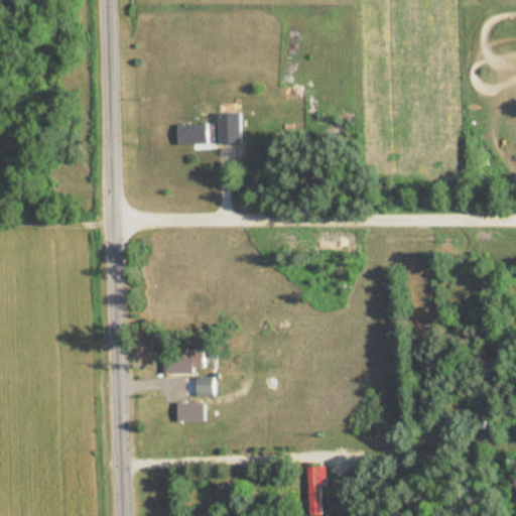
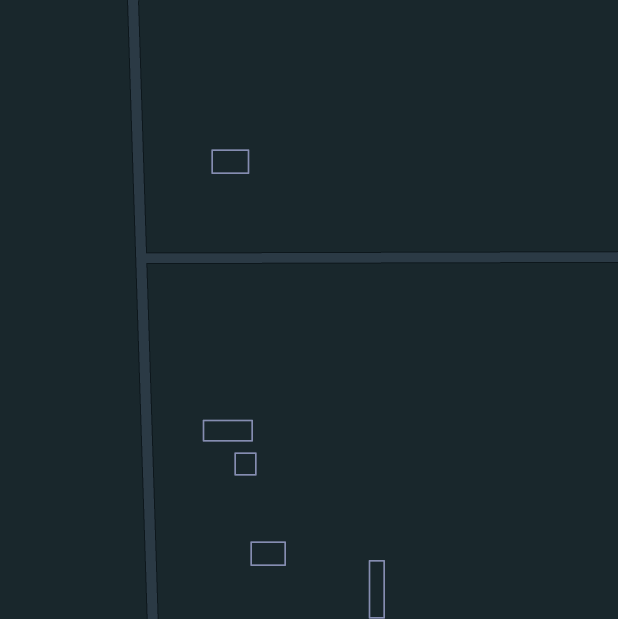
building: [218,114,240,143] -> none
building: [177,402,206,421] -> [251,542,285,565]

